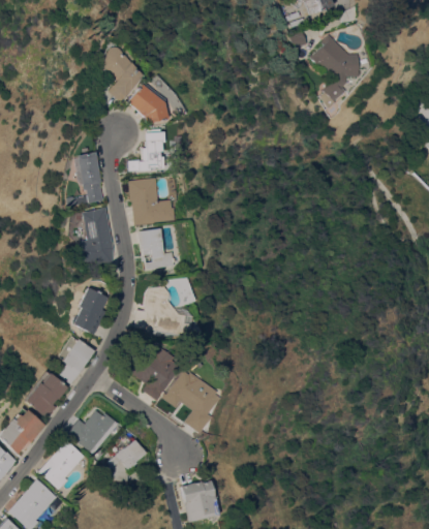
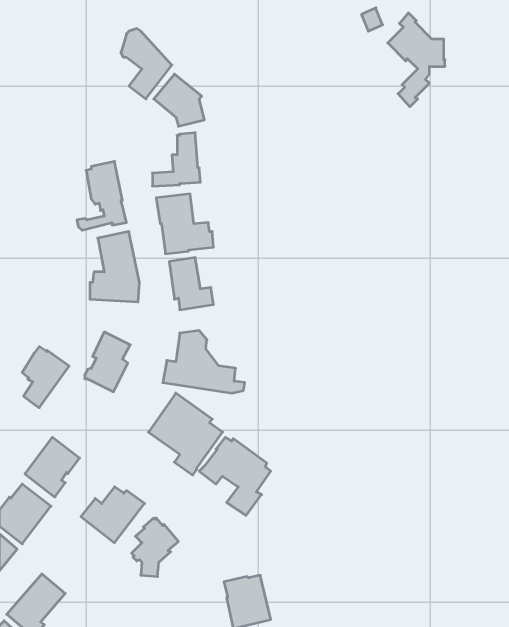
building: [58,336,95,384] -> [22,347,69,408]
building: [39,440,85,490] -> none

